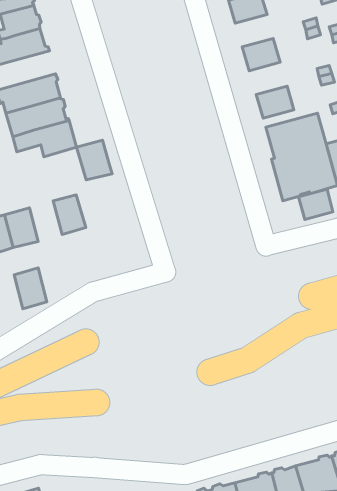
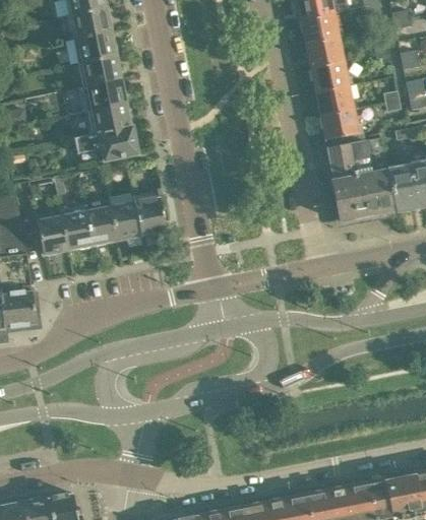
building: none -> [306,36,343,66]
building: none -> [80,55,122,85]
building: none -> [316,84,353,115]
building: [76,140,112,180] -> [133,196,167,235]
building: [298,189,333,219] -> none
building: [14,268,47,309] -> [85,205,116,245]

